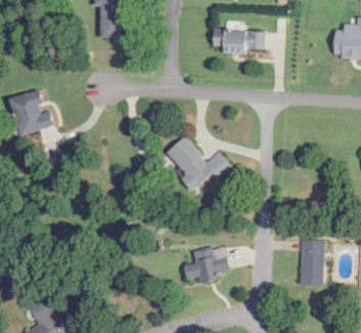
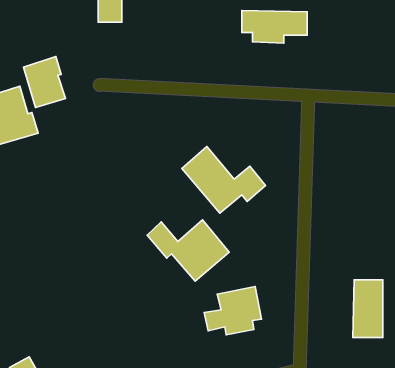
building: none -> [23,56,65,107]
building: none -> [147,220,229,281]

